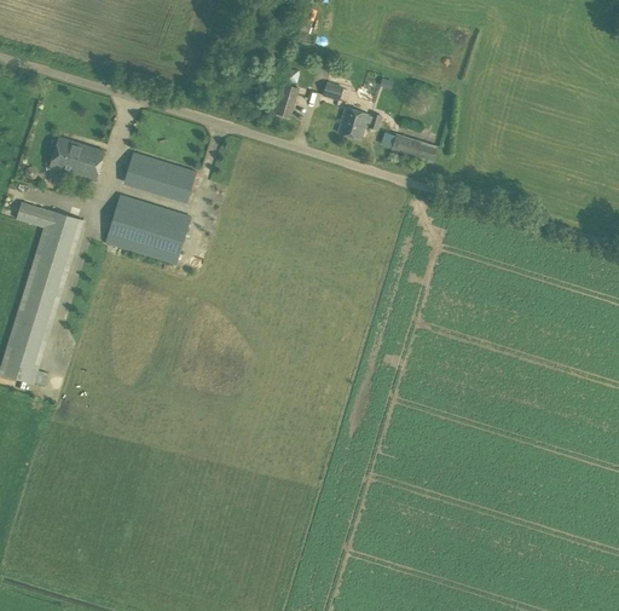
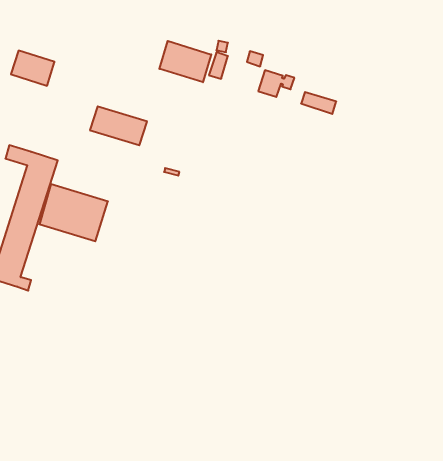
building: none -> [159,41,211,82]
building: [48,136,104,180] -> [11,51,55,86]
building: [104,192,191,265] -> [39,184,108,241]

